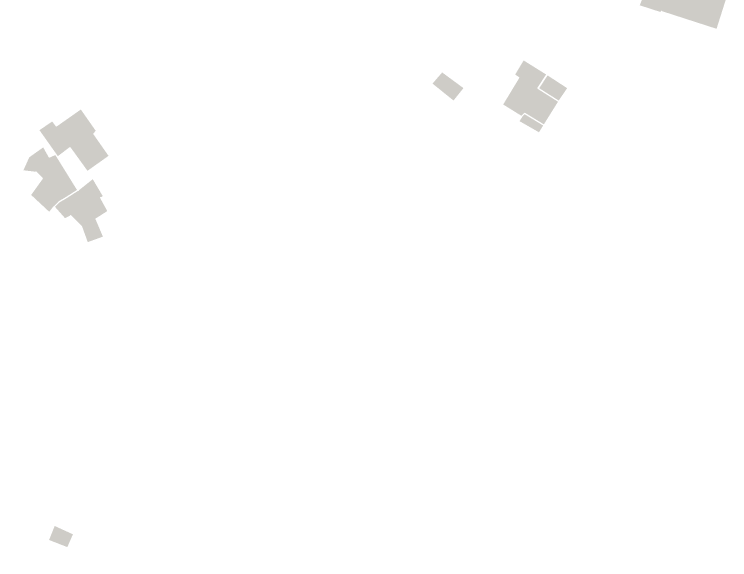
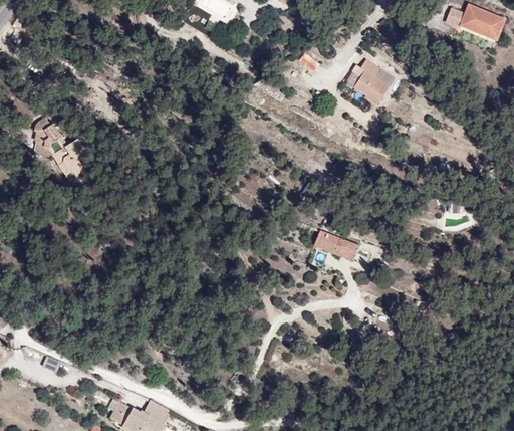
building: [39,108,110,172] -> none
building: none -> [308,226,346,253]

